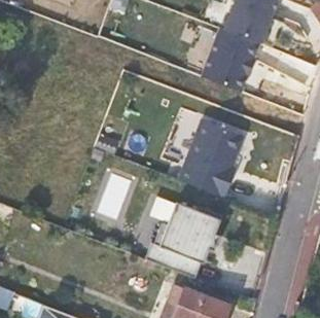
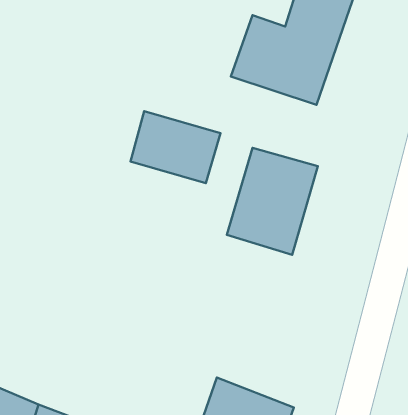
building: none -> [130,111,221,183]
building: [151,201,221,268] -> none

